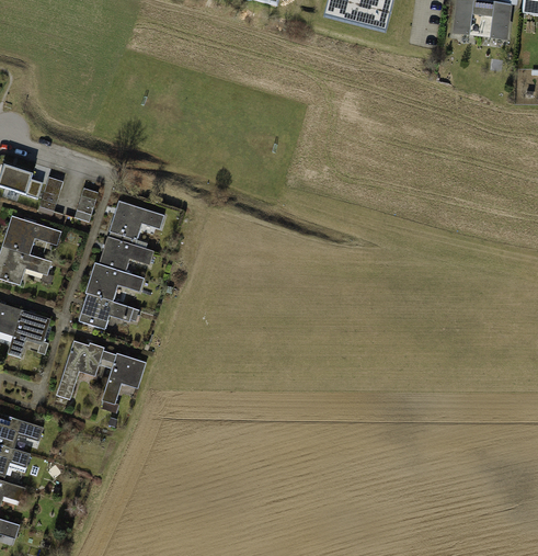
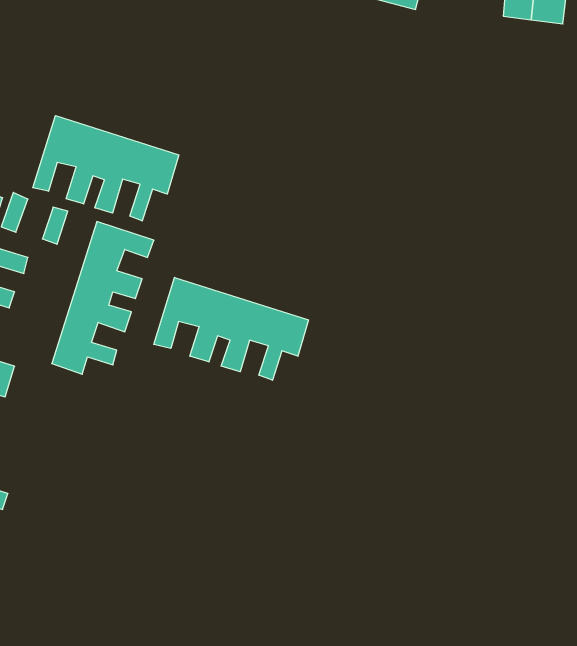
building: none -> [33,116,179,221]
building: none -> [154,277,309,380]
building: [56,340,146,406] -> none

